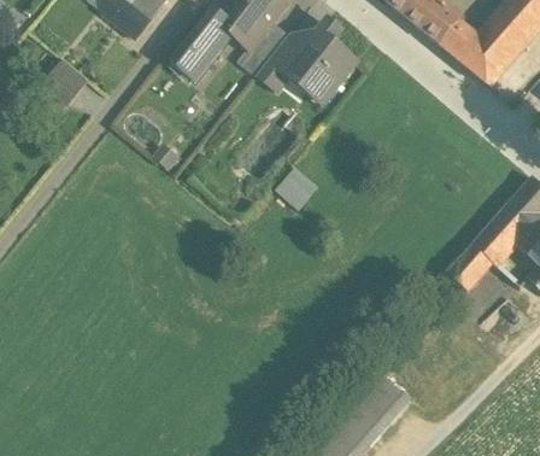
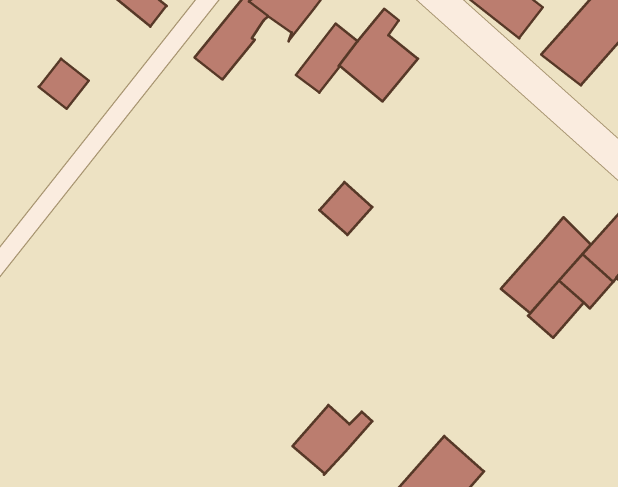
building: [236,18,288,74] -> none
building: [439,18,477,57] -> none
building: none -> [501,217,591,313]
building: none -> [293,405,372,475]

